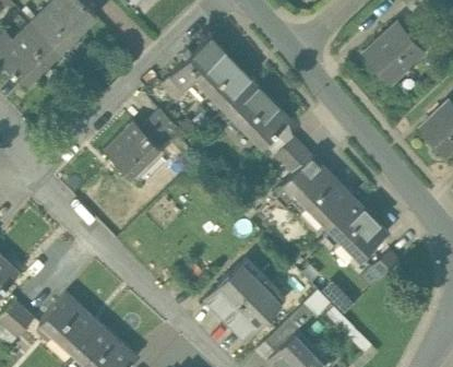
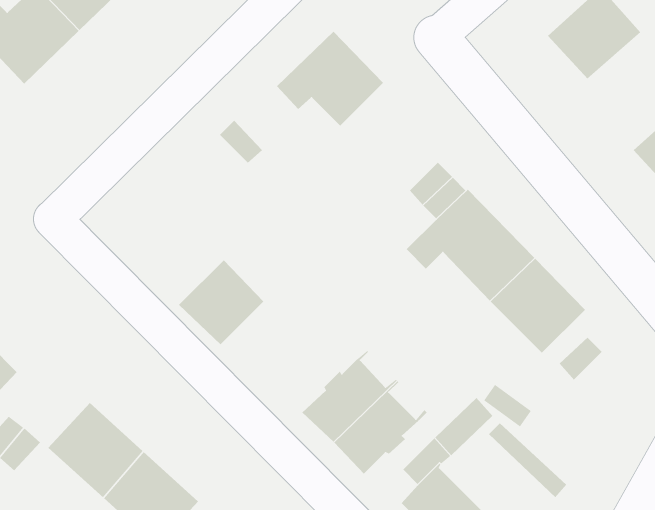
building: [168,37,224,92] -> none
building: [228,86,289,149] -> none
building: [103,122,158,178] -> [178,259,264,345]

